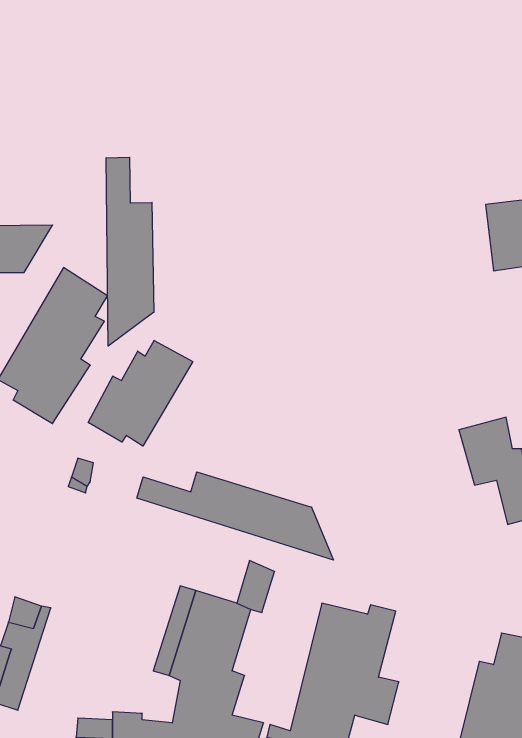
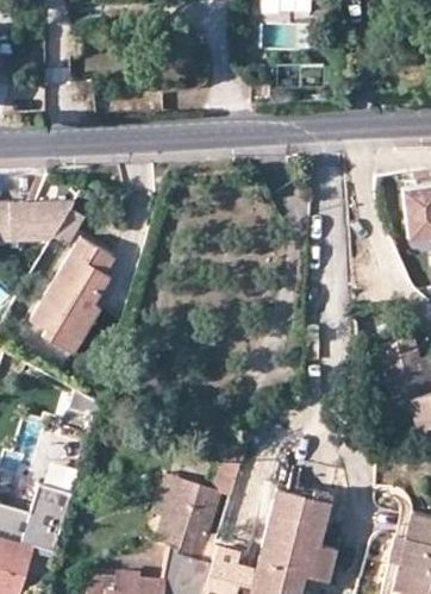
building: [106,157,154,346] -> none
building: [88,340,193,446] -> none
building: [137,472,333,560] -> none

